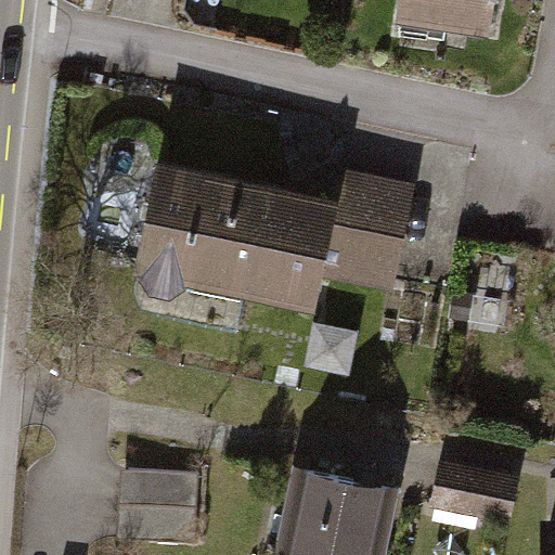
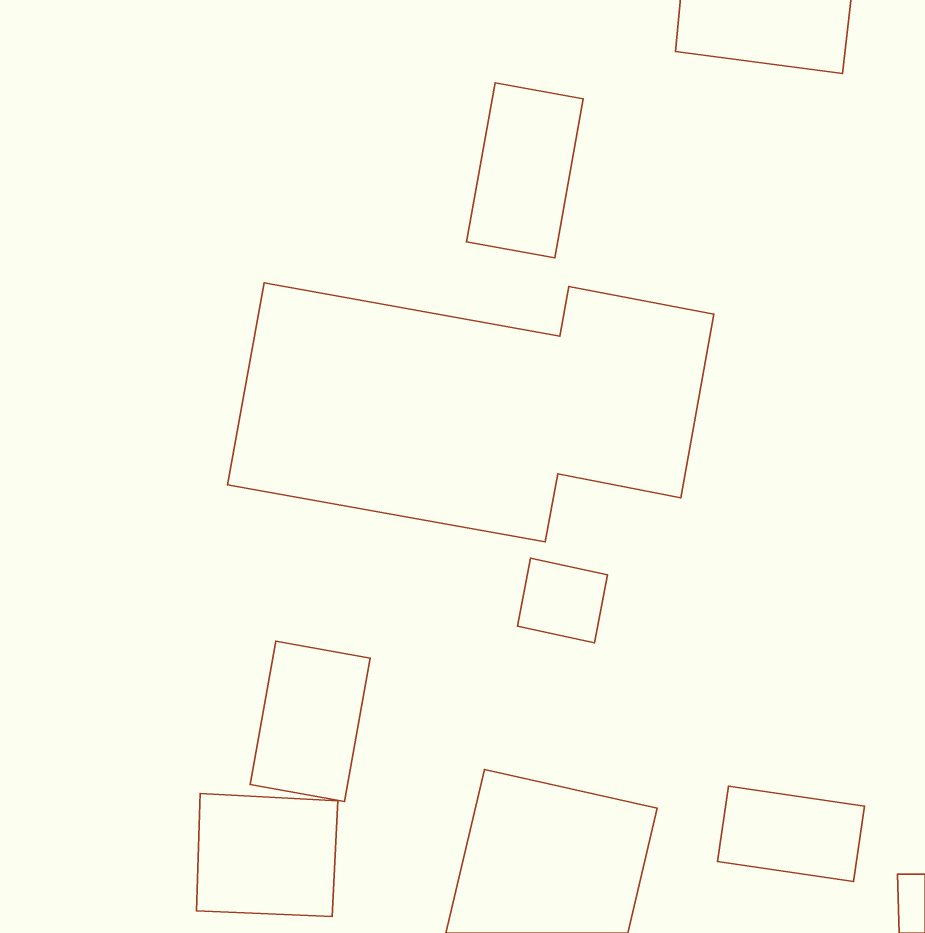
building: none -> [467,83,583,258]
building: none -> [250,641,370,802]

